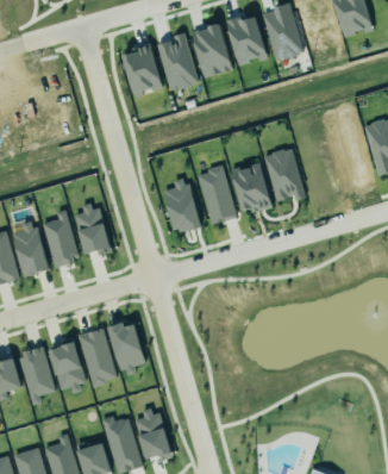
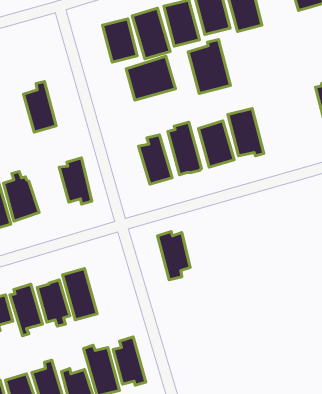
building: none -> [188,39,230,93]
building: none -> [126,56,175,100]
building: [42,210,79,267] -> [24,81,56,132]
building: [108,323,145,378] -> [158,232,190,280]

